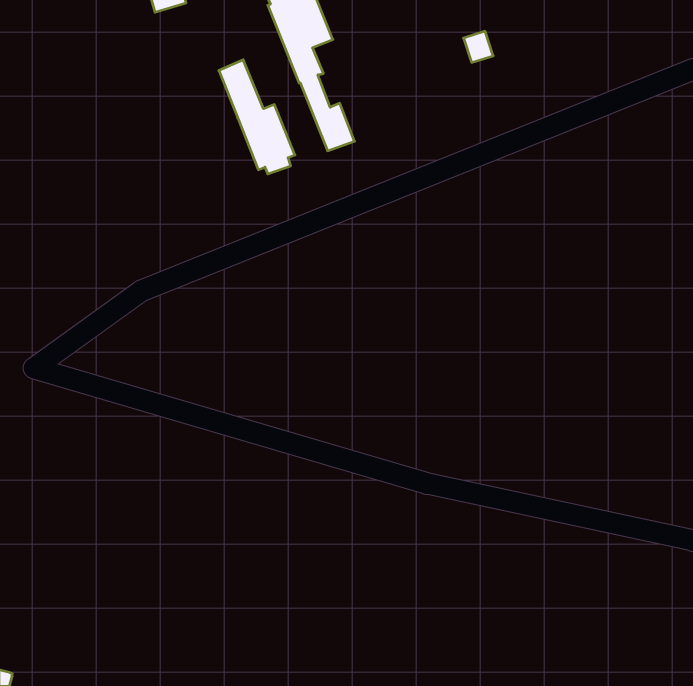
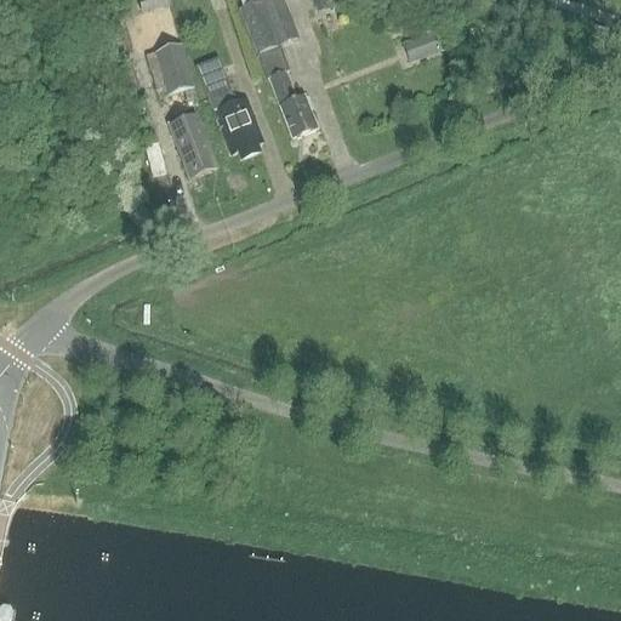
building: none -> [155,40,193,91]
building: none -> [169,112,216,175]

